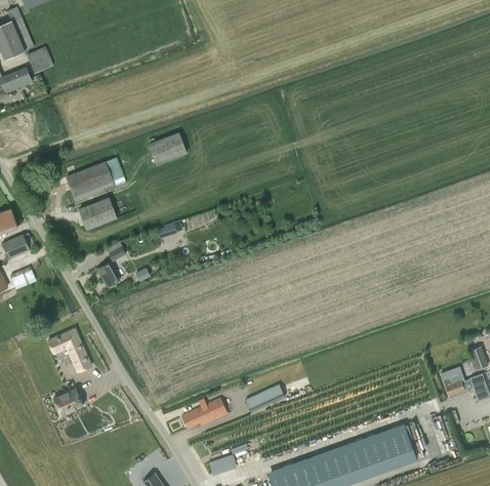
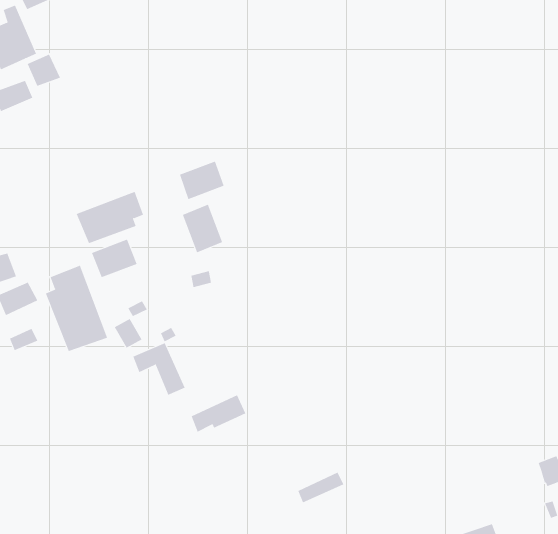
building: none -> [182,204,223,253]
building: none -> [45,265,108,352]
building: [47,327,90,370] -> [133,342,185,395]
building: [51,387,82,414] -> none
building: [181,397,227,428] -> [191,395,246,432]

